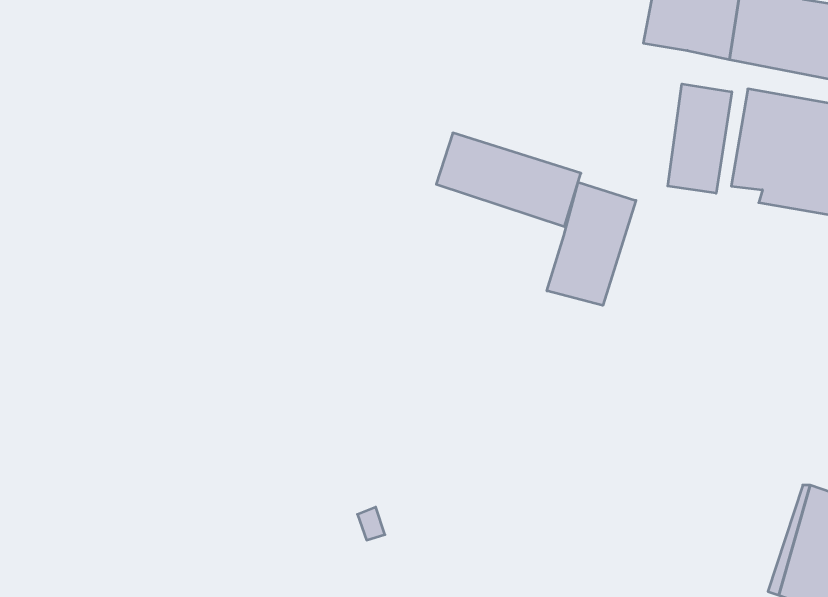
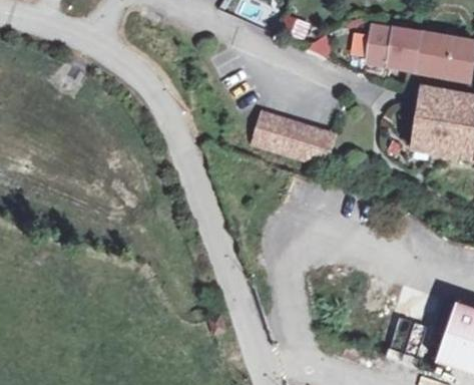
building: [668,84,732,193] -> none
building: [547,182,636,305] -> none

